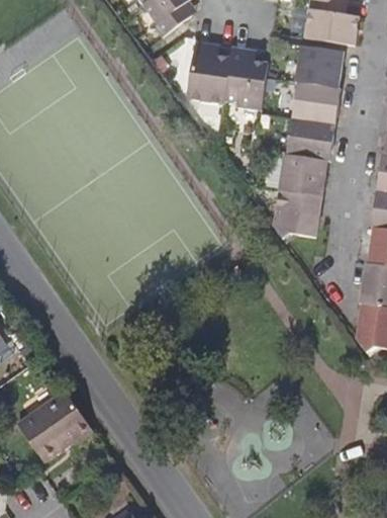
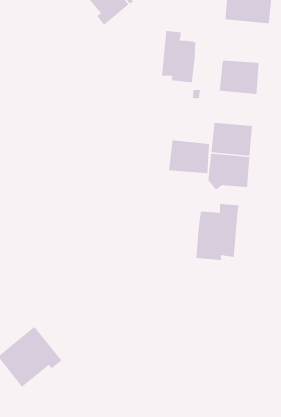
building: [187,42,231,105] -> none
building: [294,49,344,91] -> none
building: [285,122,335,166] -> [168,140,210,175]
building: none -> [195,203,239,261]

